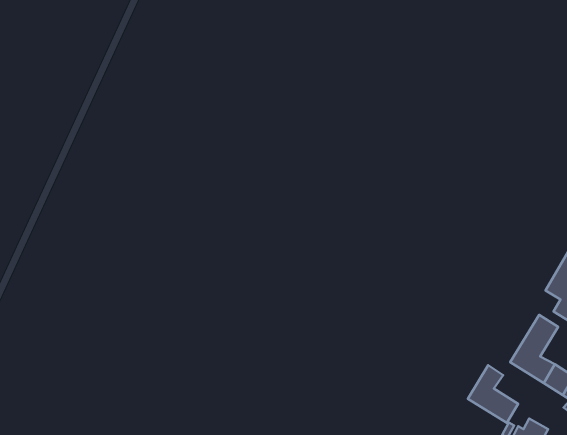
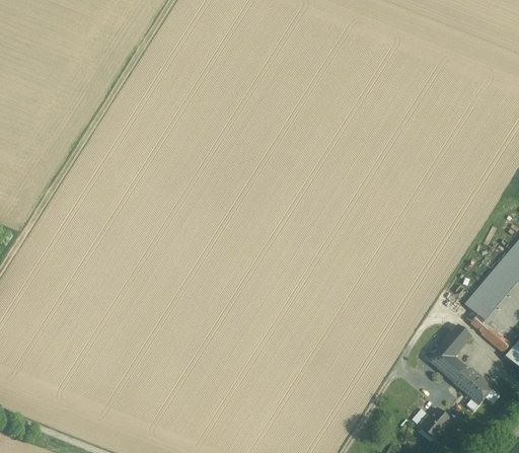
building: [468,365,518,423] -> none

